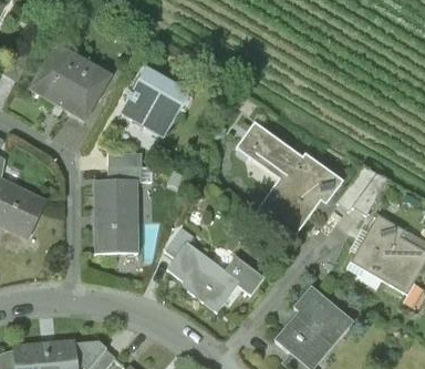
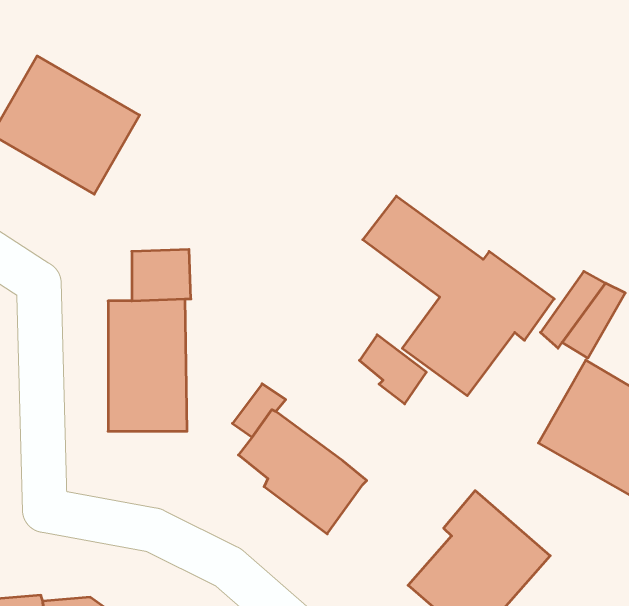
building: [122,68,193,137] -> none
building: [229,256,267,295] -> [359,335,426,404]

